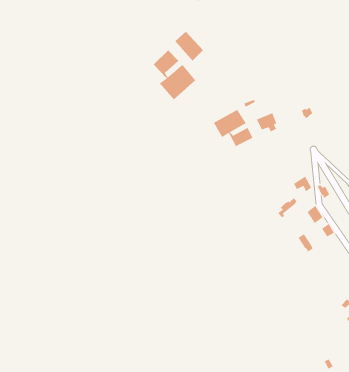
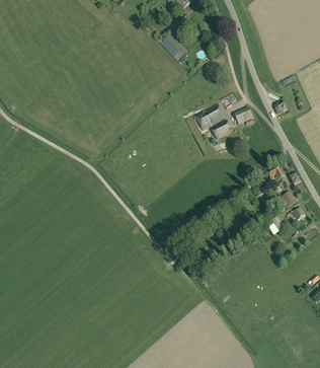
building: [153,50,196,100] -> none

